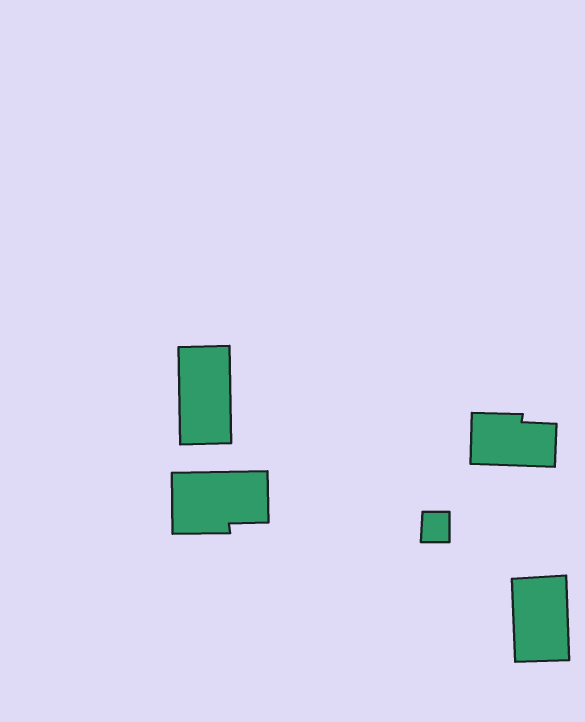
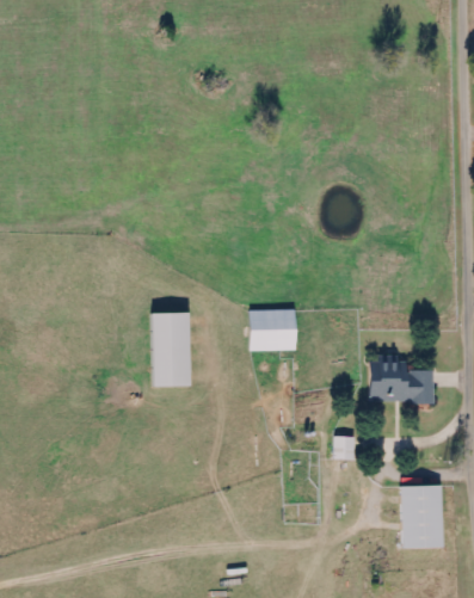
building: none -> [248,308,295,350]
building: [172,471,268,534] -> none

